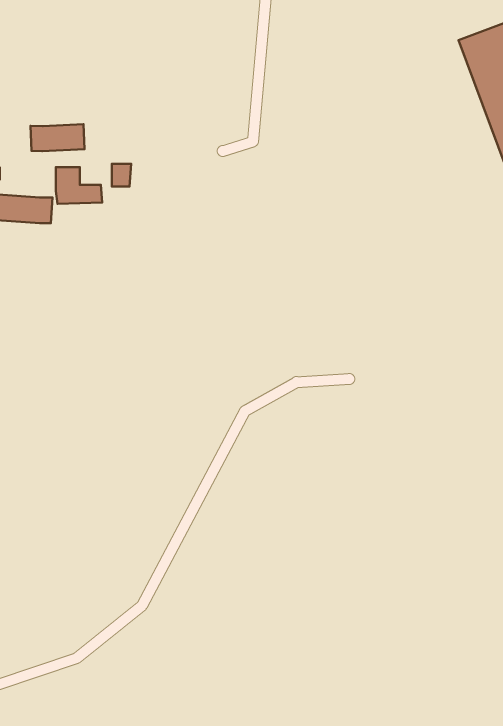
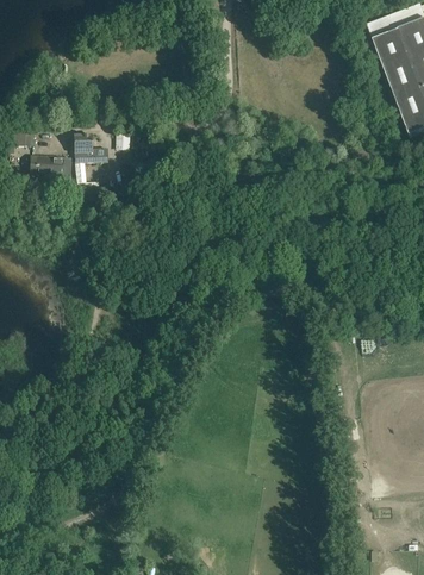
building: [31,124,84,151] -> none

